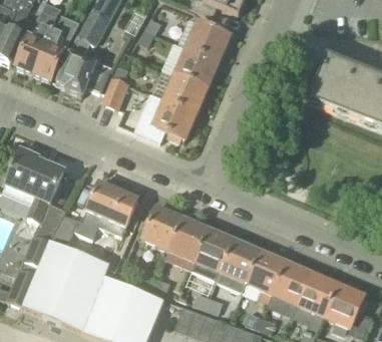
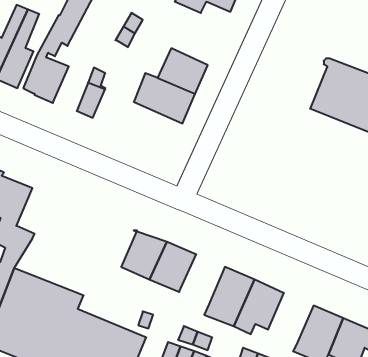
building: [178,17,230,61] -> none
building: [141,93,197,140] -> none
building: [48,182,138,247] -> none
building: [194,228,234,272] -> none
building: [272,262,312,305] -> none

